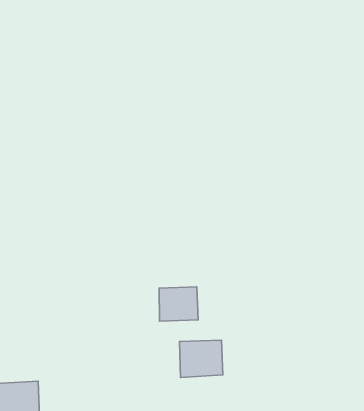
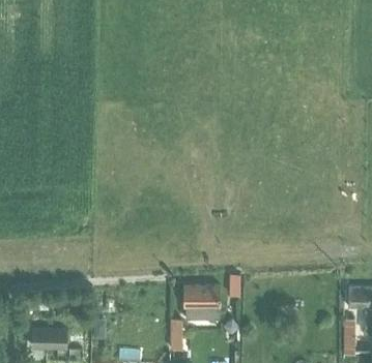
building: [159,287,198,321] -> none

